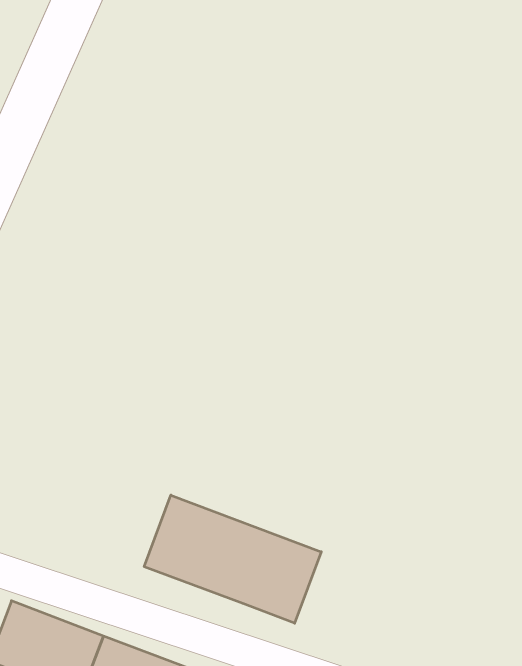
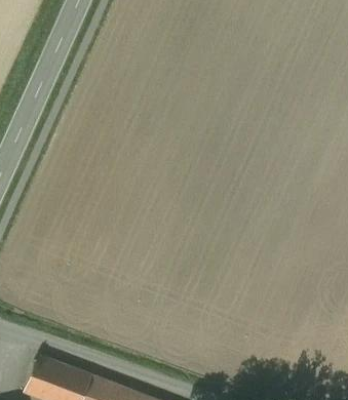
building: [144,495,321,623] -> none

